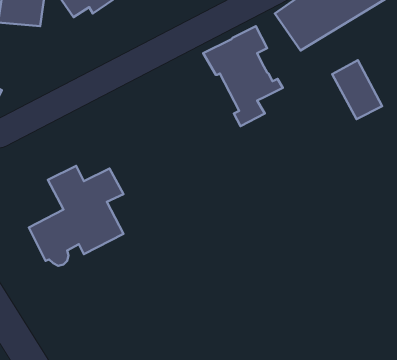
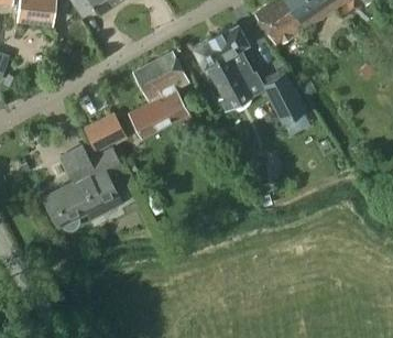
building: none -> [129,52,188,138]
building: [332,60,382,119] -> [262,73,305,123]
building: none -> [87,113,124,149]

